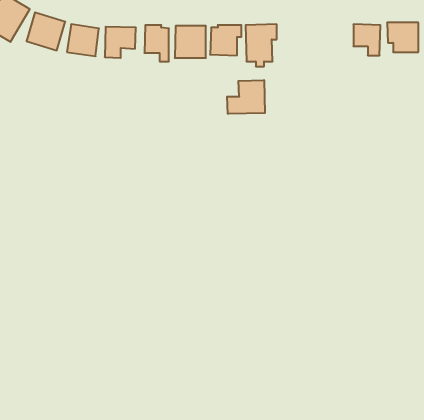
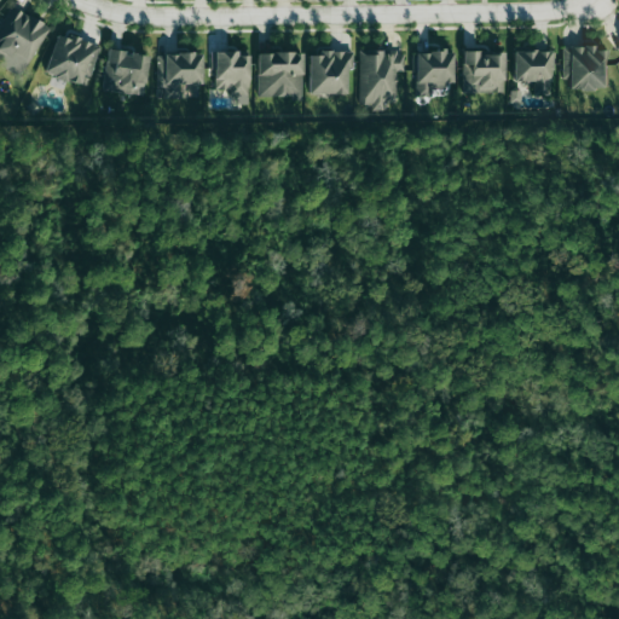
building: none -> [416,50,455,94]
building: none -> [463,50,505,91]
building: [227,80,265,114] -> none

